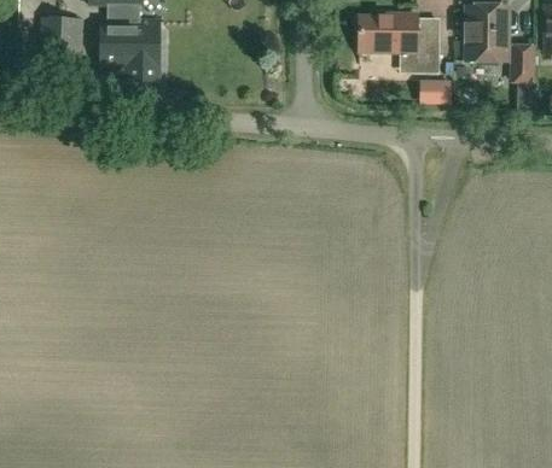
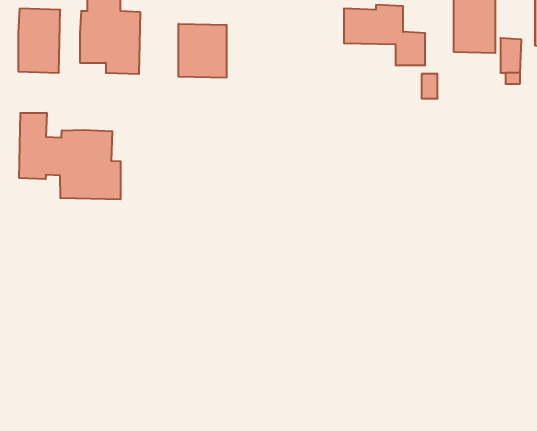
building: none -> [179,24,226,78]
building: none -> [19,113,121,199]

